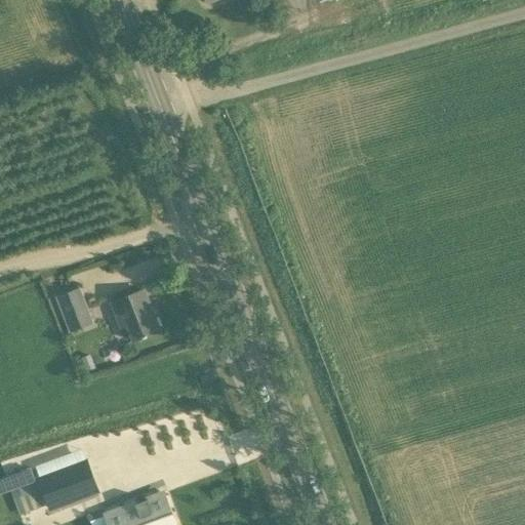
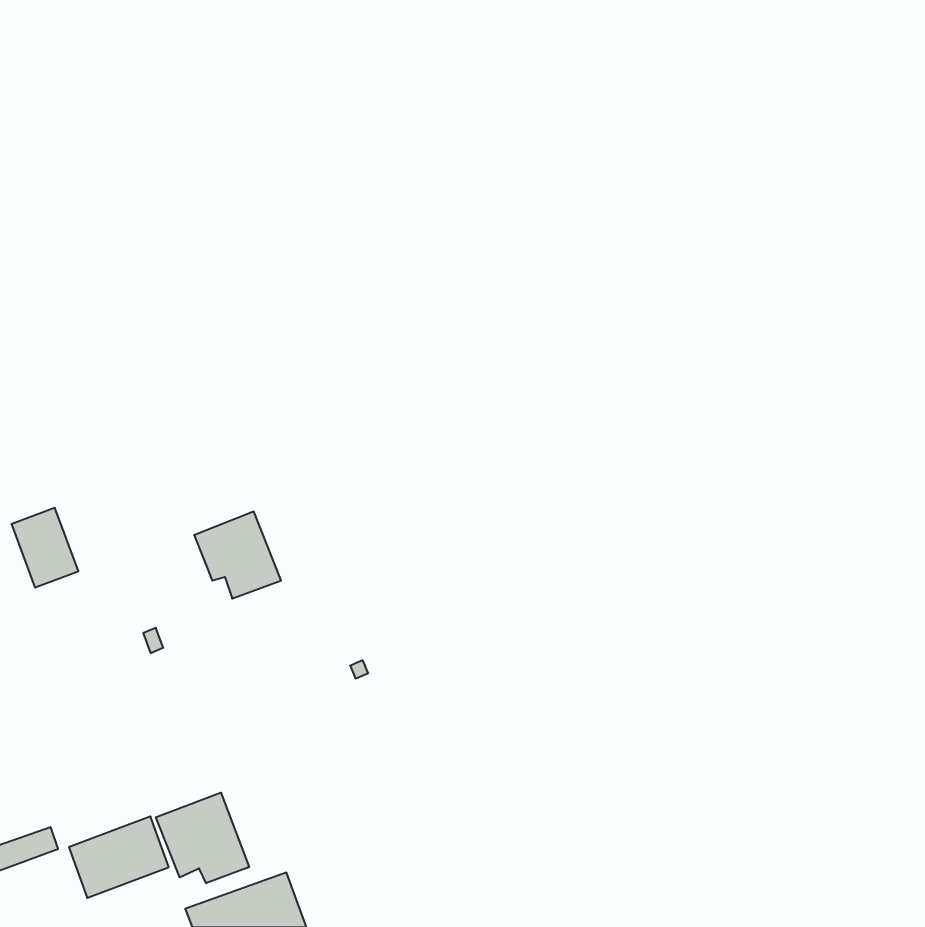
building: [54,287,92,332] -> [11,508,78,588]
building: none -> [156,793,249,883]

